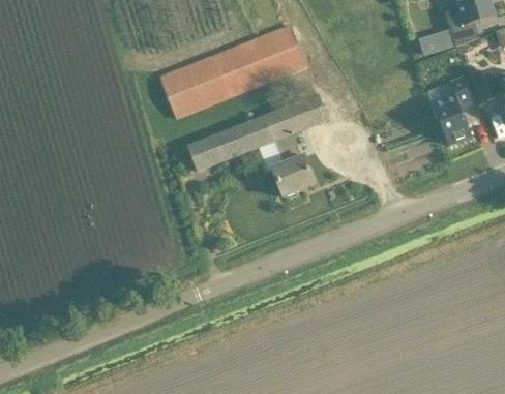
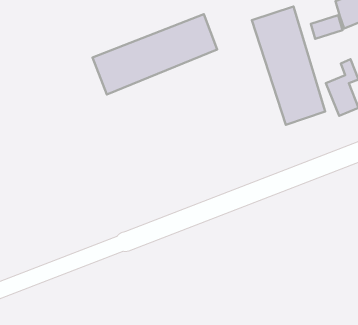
building: none -> [252,7,325,125]
building: [186,93,328,196] -> none

